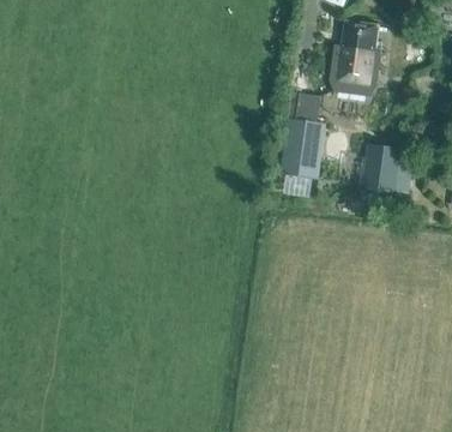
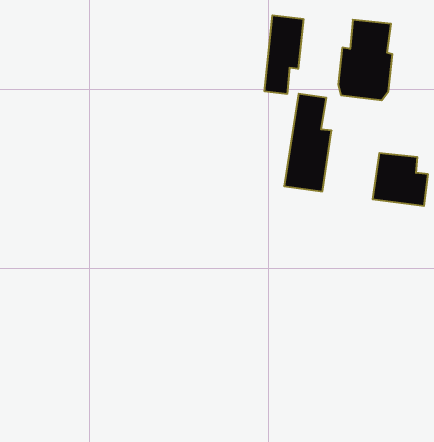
building: none -> [265,15,303,94]

